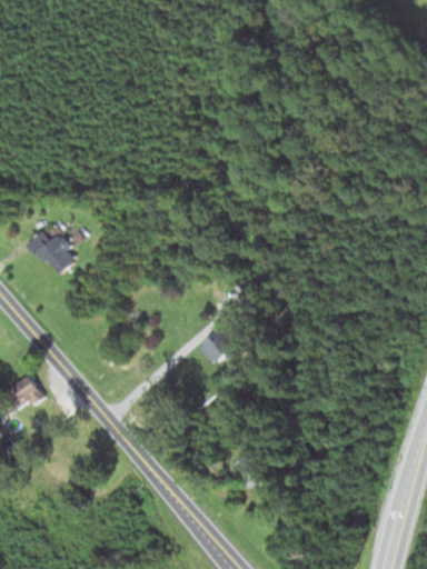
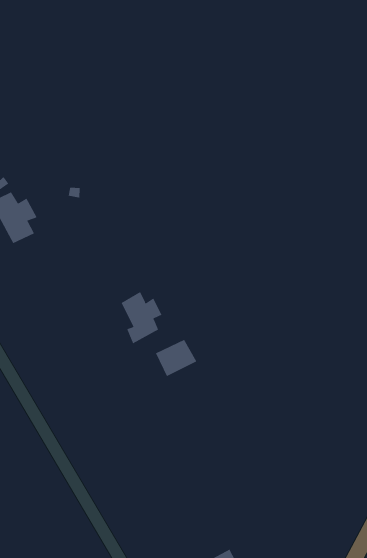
building: none -> [121,291,162,344]

